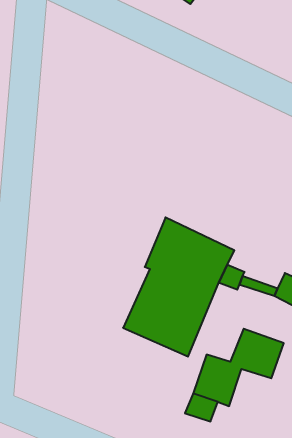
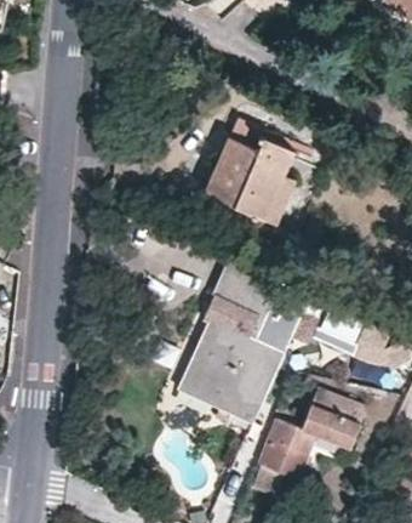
building: none -> [206,116,298,237]

